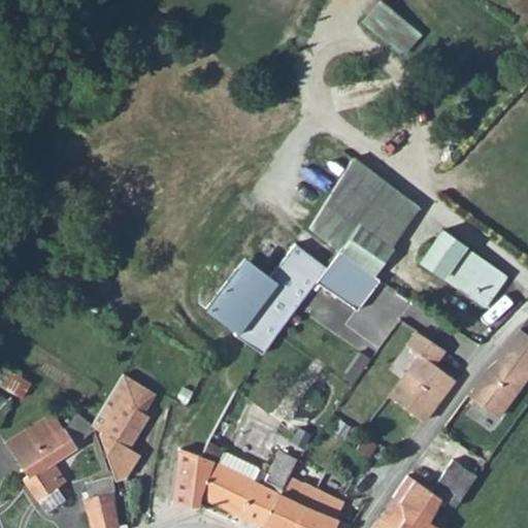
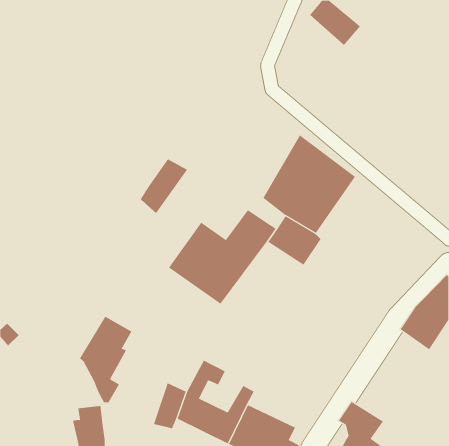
building: none -> [140,158,188,214]
building: [414,229,499,307] -> none
building: [394,329,458,418] -> none
building: [9,405,97,498] -> none
building: [439,461,483,507] -> none

